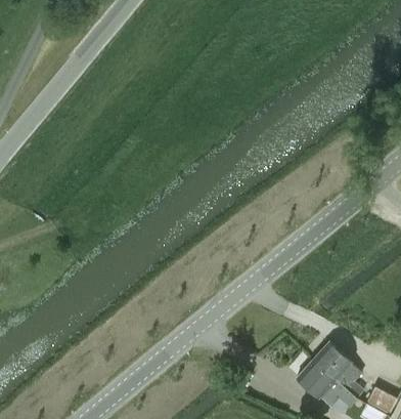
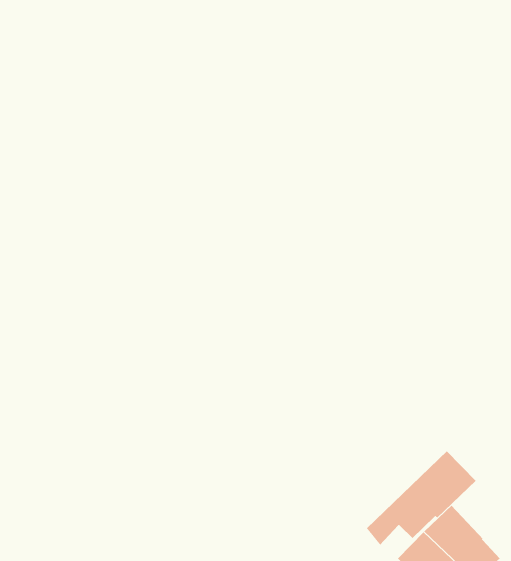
building: none -> [366,451,477,545]

